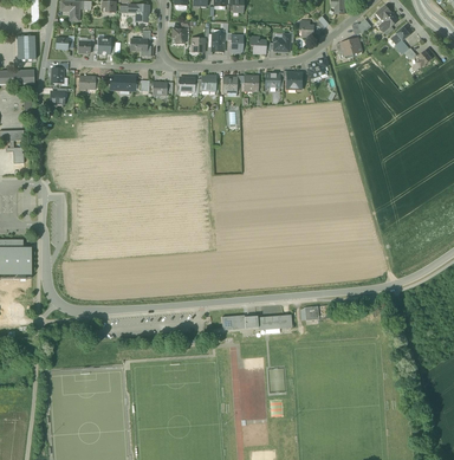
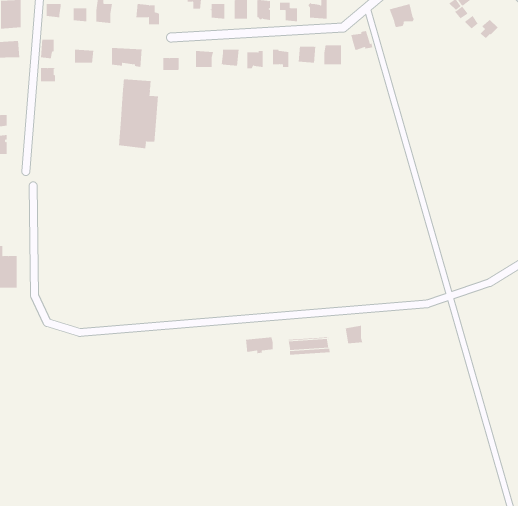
building: none -> [118,78,158,149]

